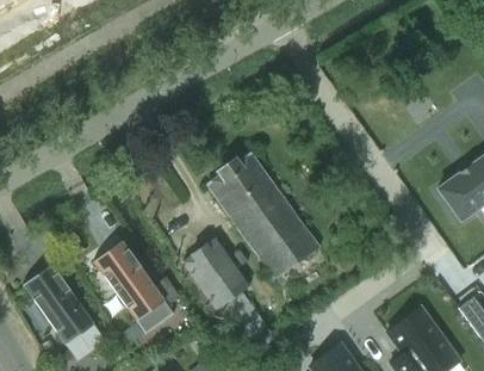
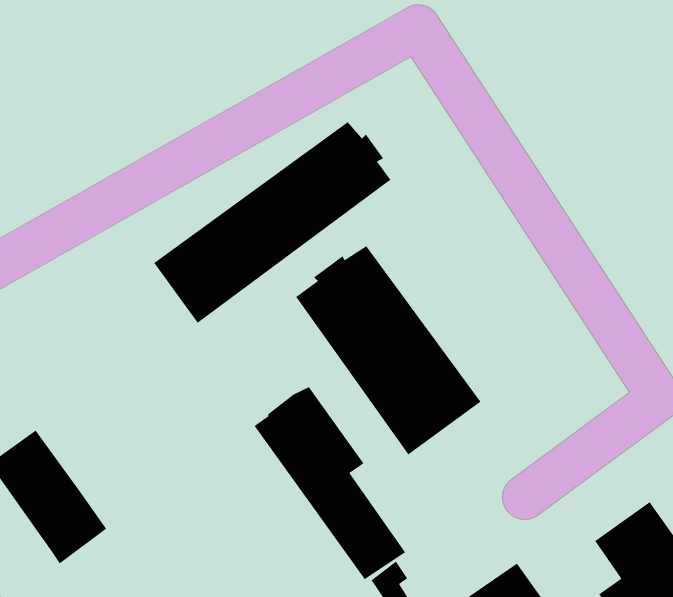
building: none -> [153,121,391,324]
building: [94,241,182,334] -> none

